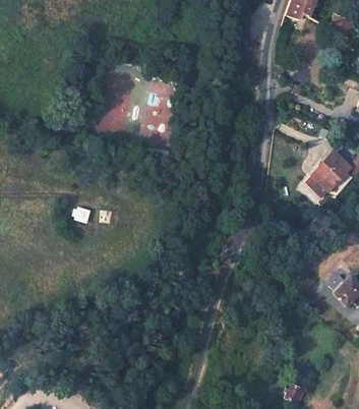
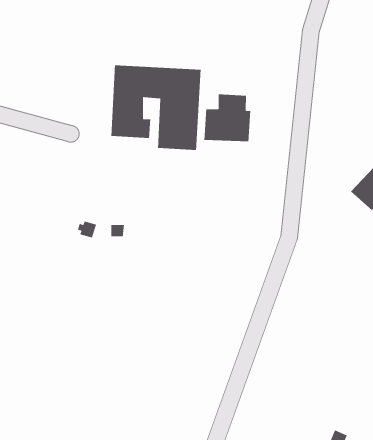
building: none -> [204,94,251,142]

